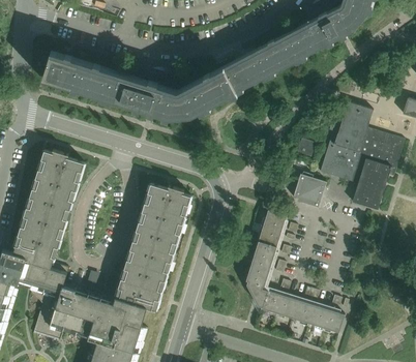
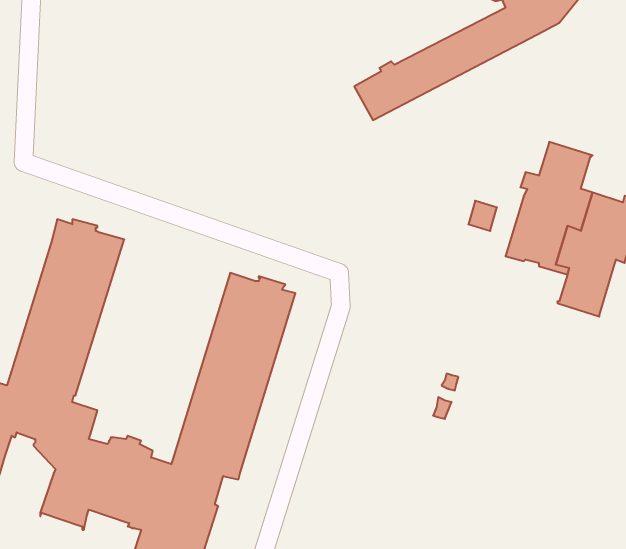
building: [42,54,238,116] -> none
building: [293,175,326,208] -> none
building: [245,210,344,332] -> none

